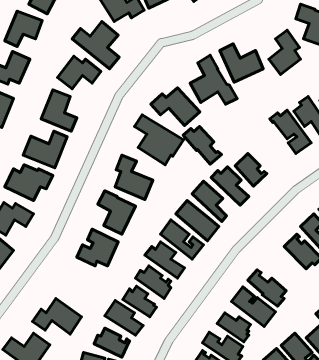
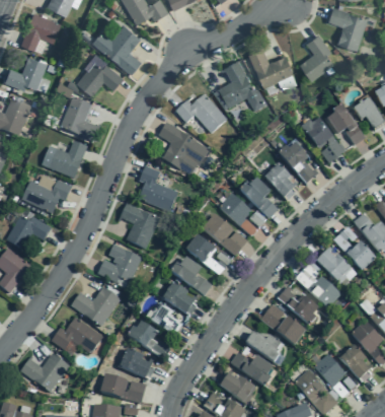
building: [183,127,222,164] -> [278,143,318,183]
building: none -> [295,265,340,309]
building: none -> [71,286,120,327]

